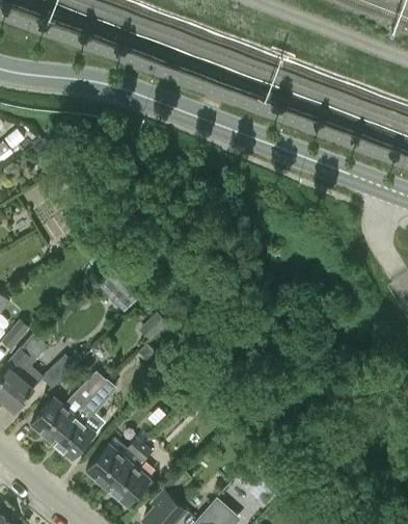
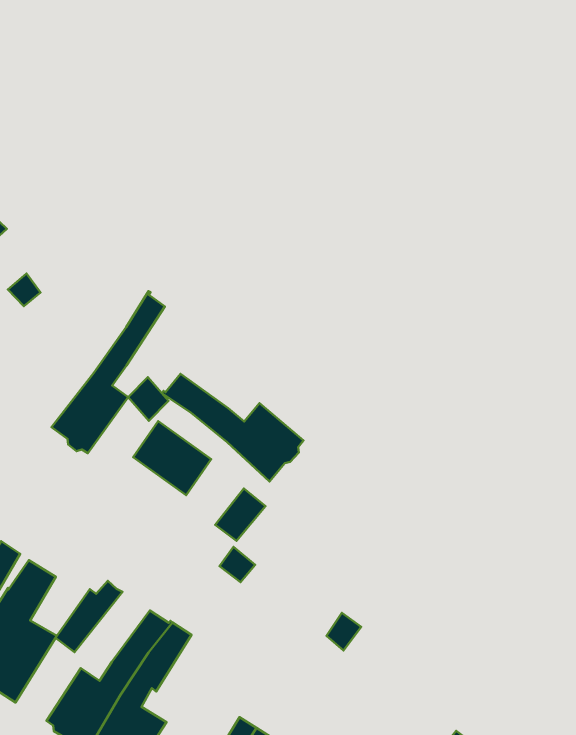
building: none -> [52,291,165,453]
building: none -> [162,374,303,482]

